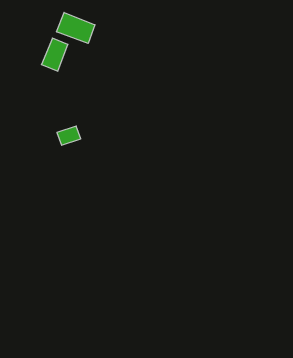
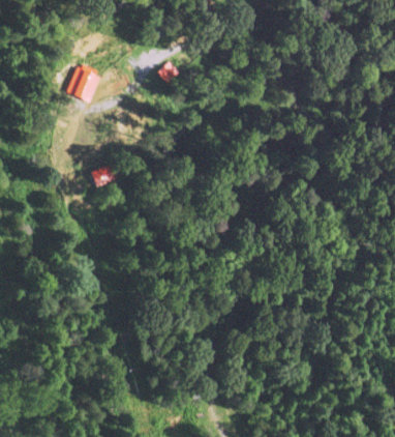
building: [57,12,95,43] -> none

